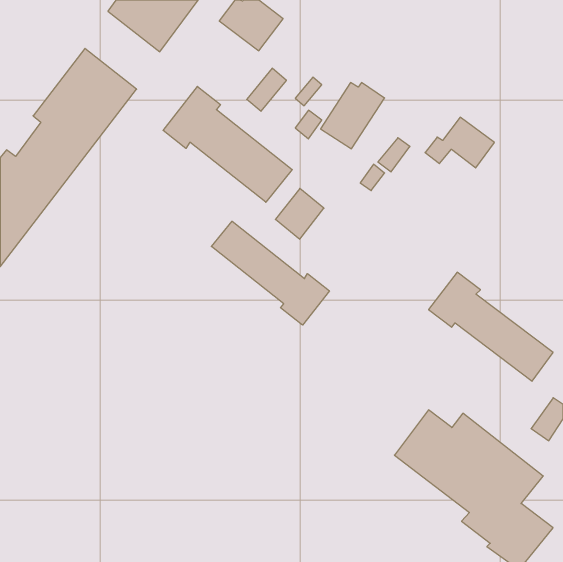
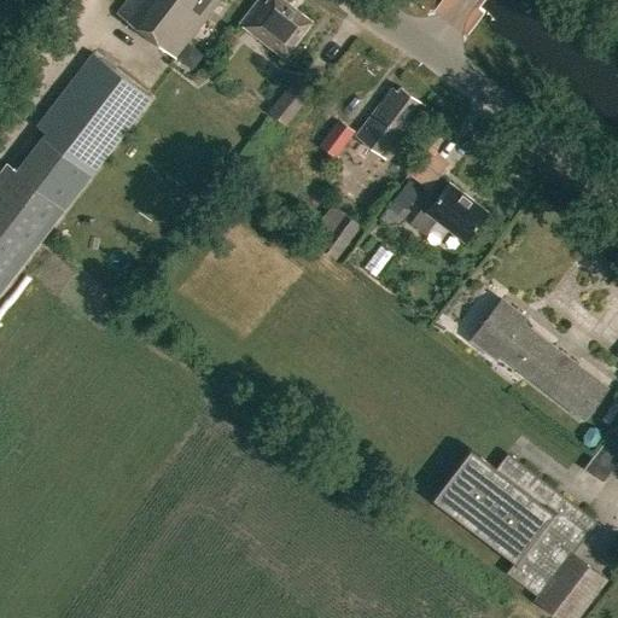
building: [163,86,292,202] -> none
building: [425,117,494,168] -> [409,185,485,240]
building: [211,221,329,325] -> none

